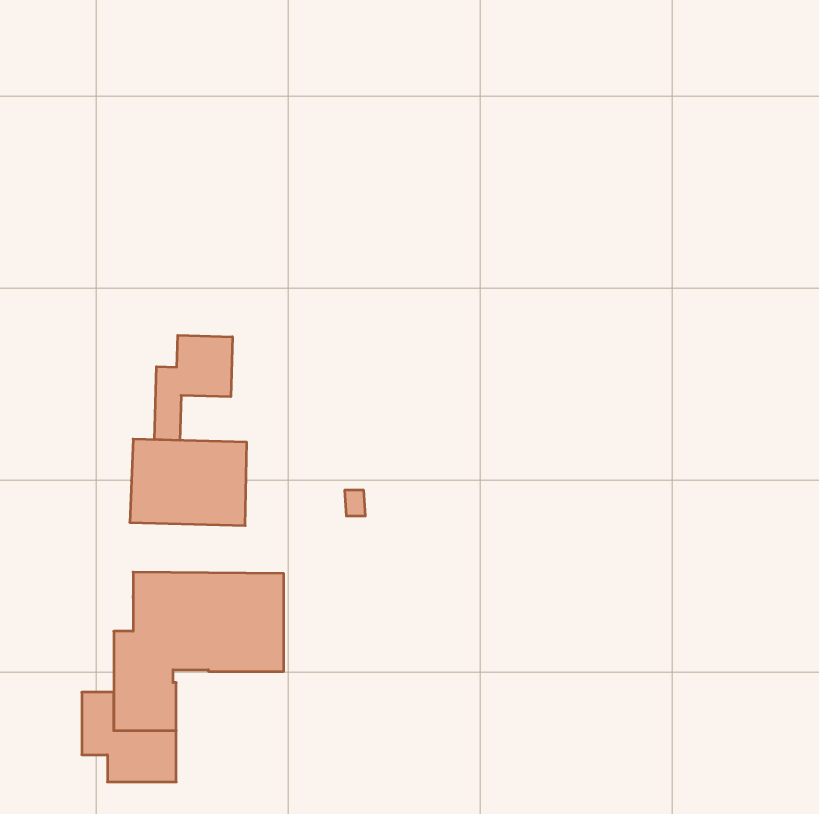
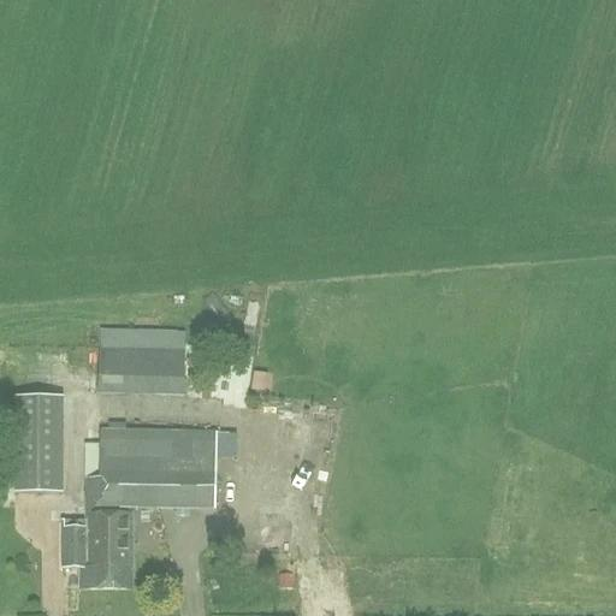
building: [154,335,232,440] -> none
building: none -> [14,389,64,485]

